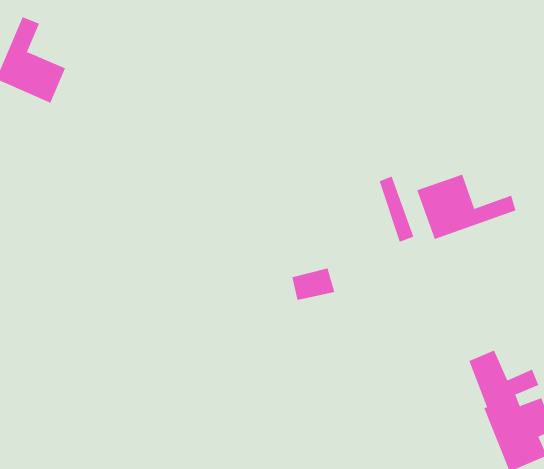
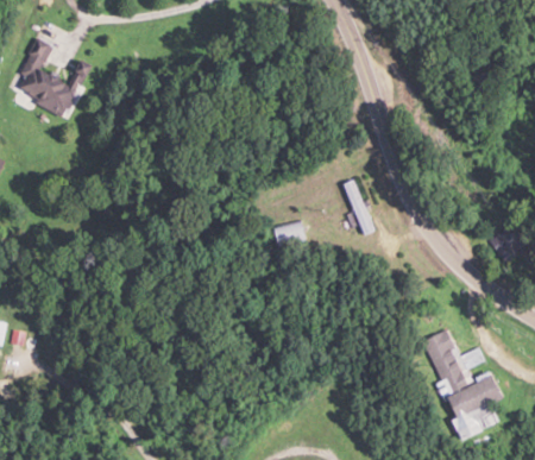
building: [416,174,516,240] -> none
building: [292,268,335,300] -> [272,220,310,248]

